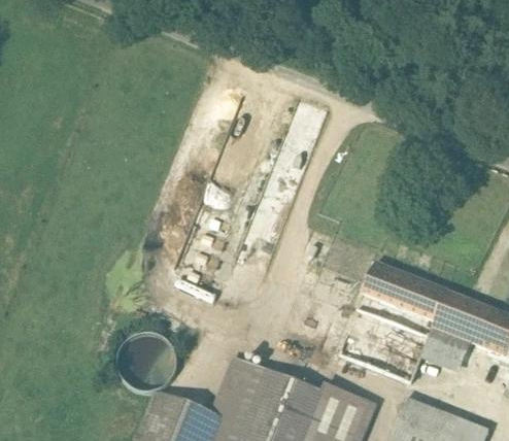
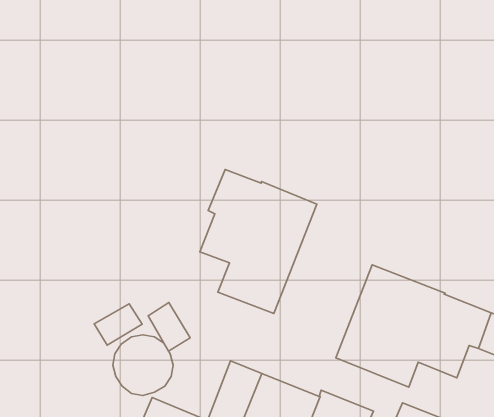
building: none -> [200,169,317,314]
building: none -> [148,303,190,351]
building: none -> [94,304,142,345]

